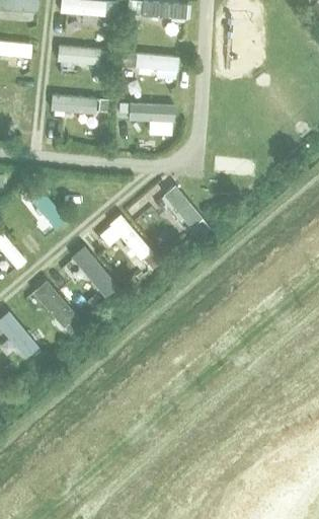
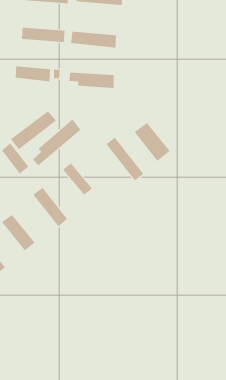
building: none -> [10,111,57,150]
building: none -> [32,119,81,166]
building: none -> [134,122,171,162]

